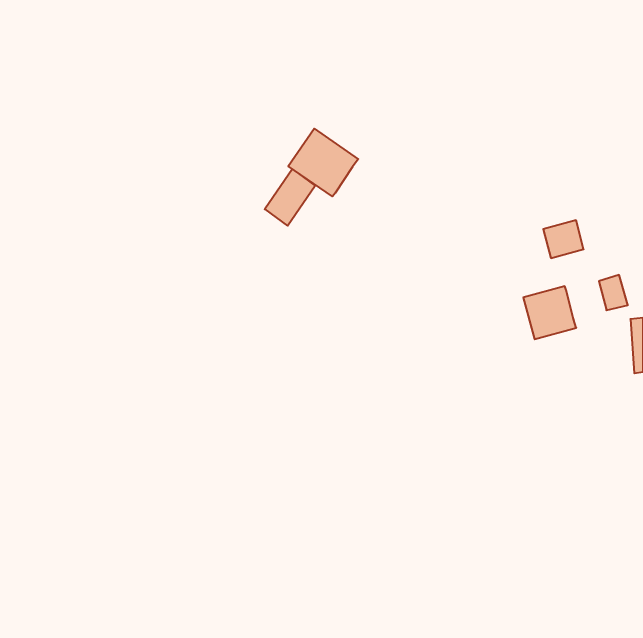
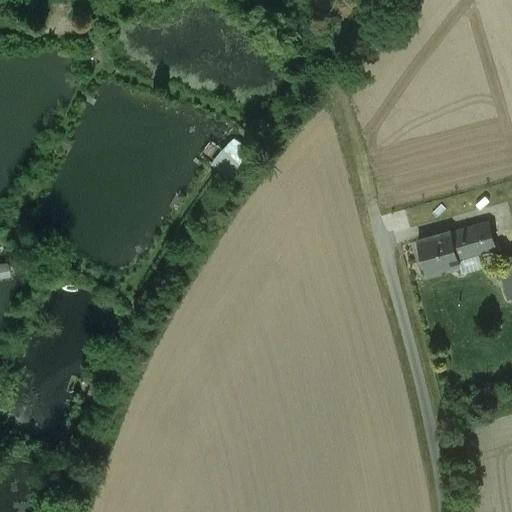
building: [288,129,358,196] -> none
building: [543,220,584,258] -> [449,228,481,258]

